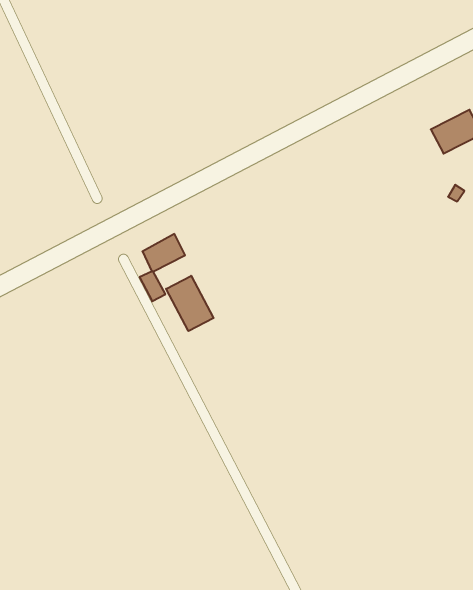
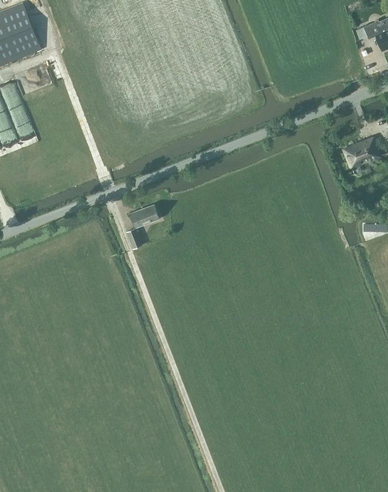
building: [166,276,214,331] -> none

